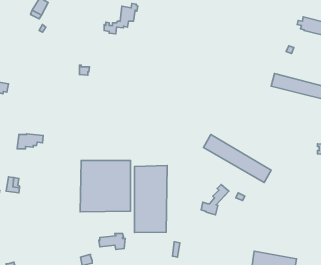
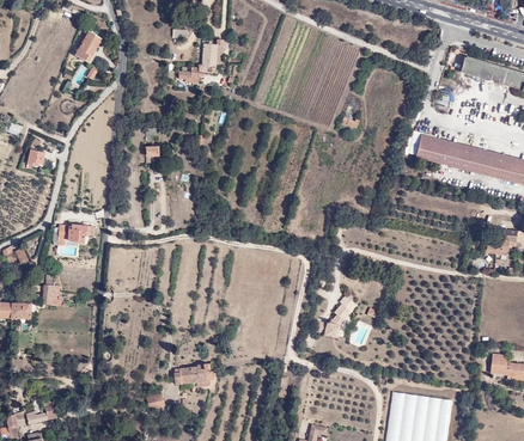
building: [203,135,271,183] -> none
building: [80,160,130,212] -> none
building: [134,165,167,232] -> none

